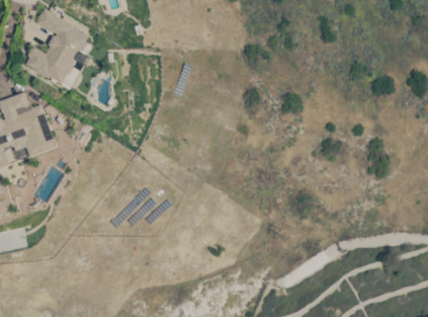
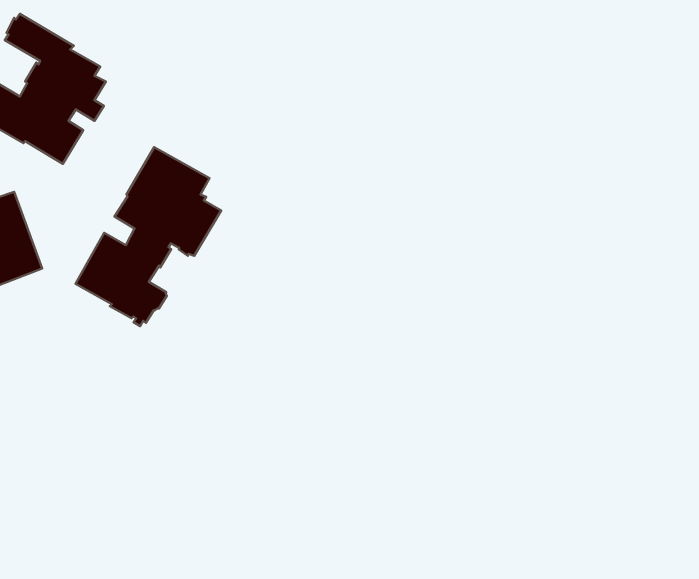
building: none -> [75,147,221,326]

